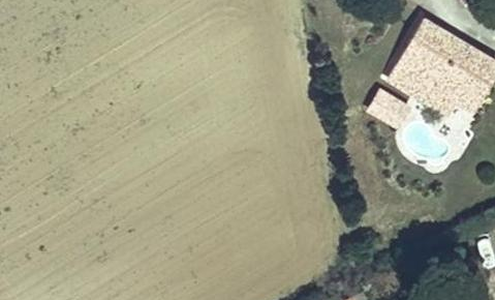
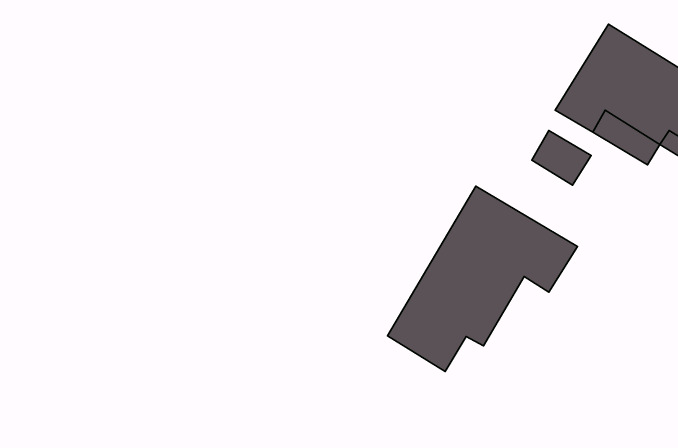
building: none -> [387,186,578,372]

